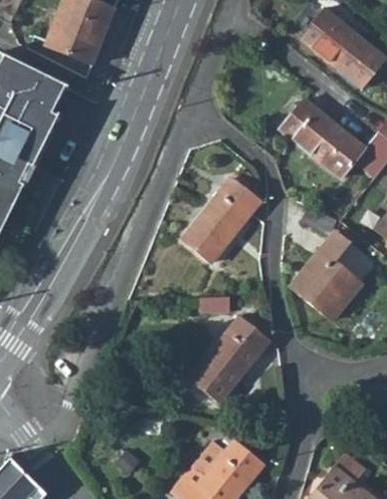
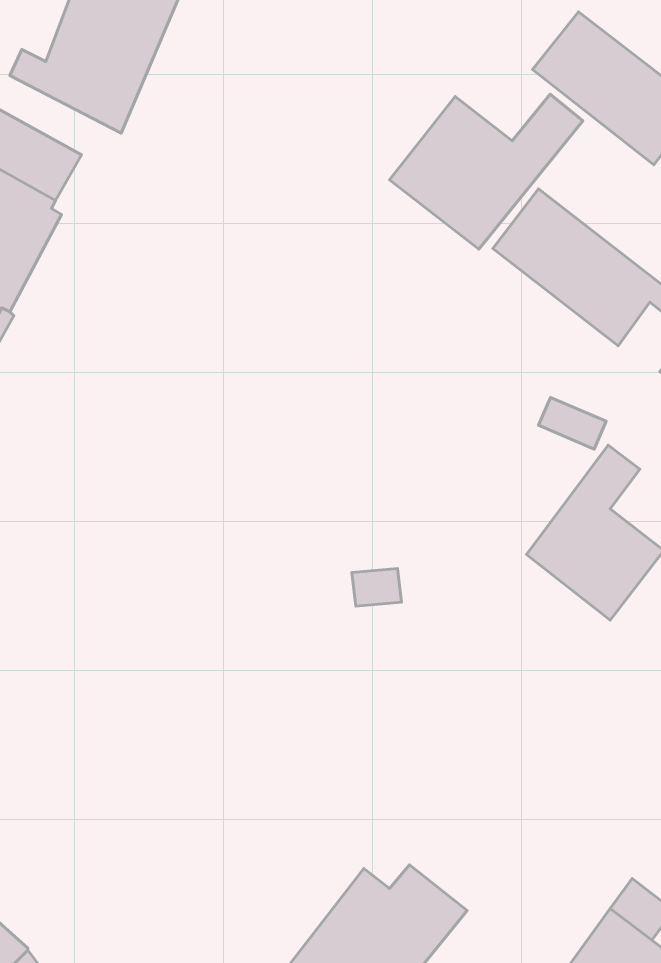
building: none -> [389,94,583,249]
building: [181,178,258,263] -> none
building: [192,316,269,401] -> none

